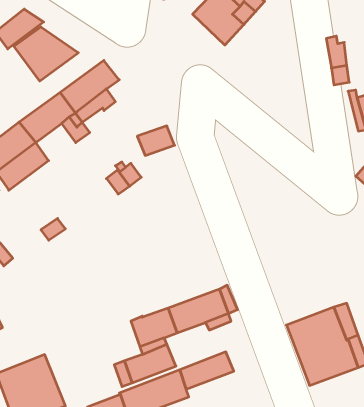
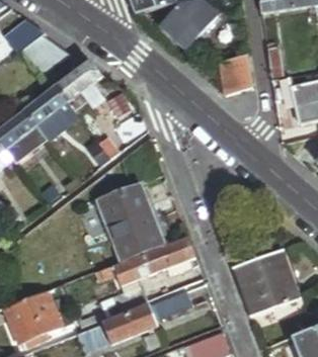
building: none -> [219,52,251,95]
building: none -> [97,187,162,260]

